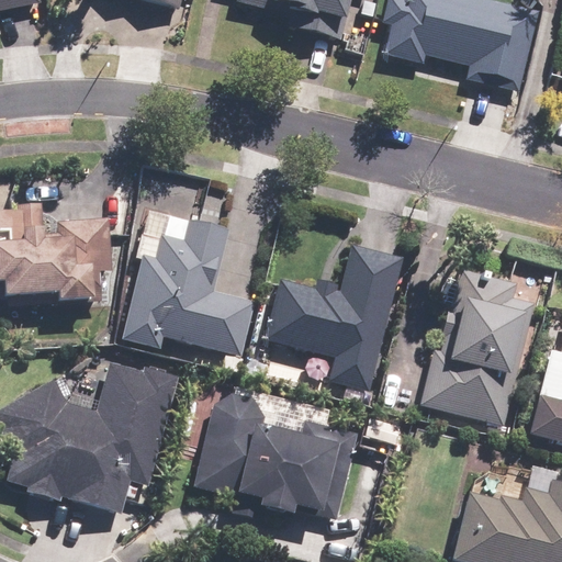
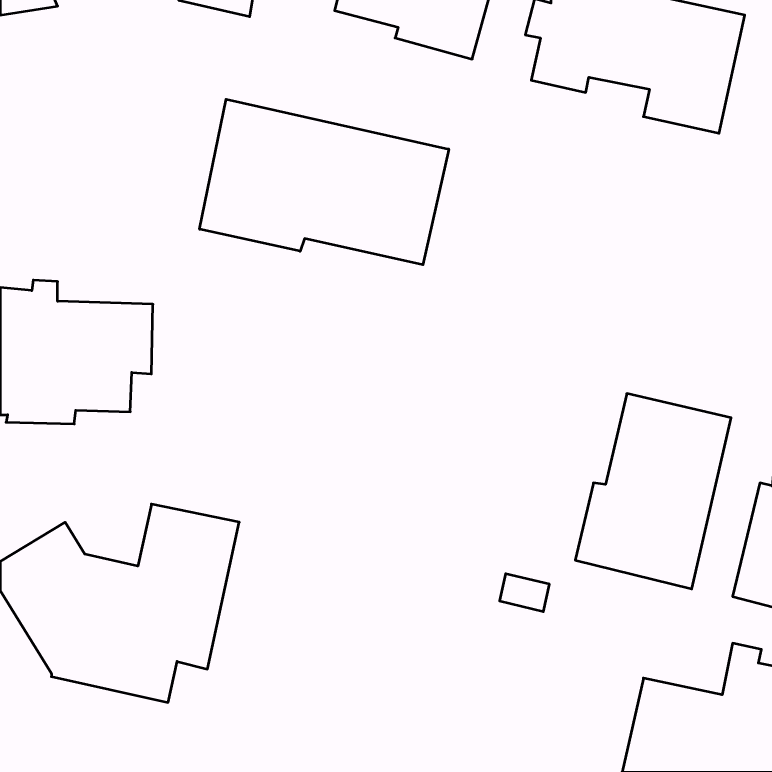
building: none -> [200,99,449,265]
building: [121,210,256,355] -> none
building: [265,244,400,389] -> none
building: [196,393,358,512] -> none

